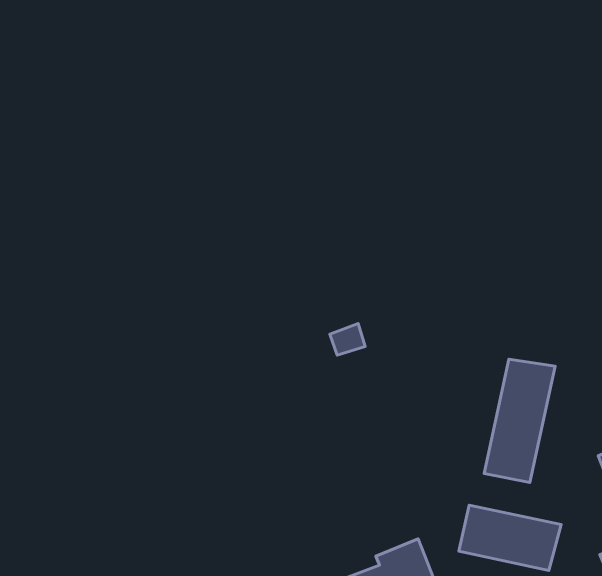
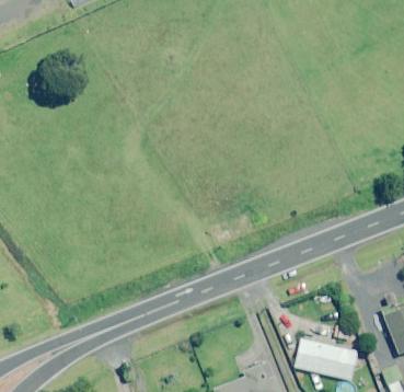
building: [484,359,555,482] -> none

